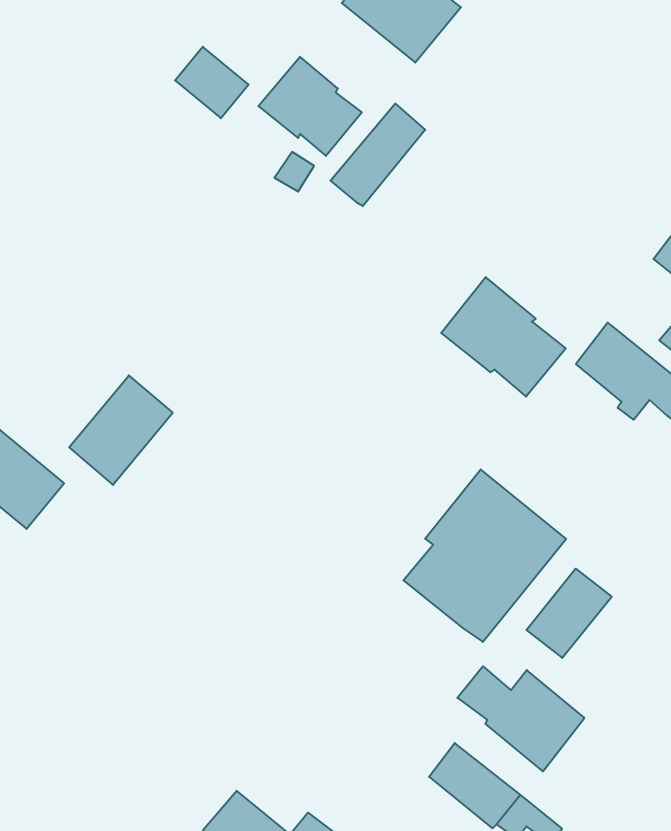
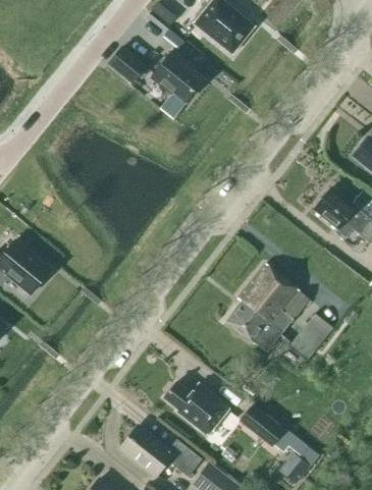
building: [330,104,425,206] -> none
building: [441,277,566,397] -> none
building: [69,375,173,485] -> none
building: [457,666,584,771] -> [164,382,229,436]

